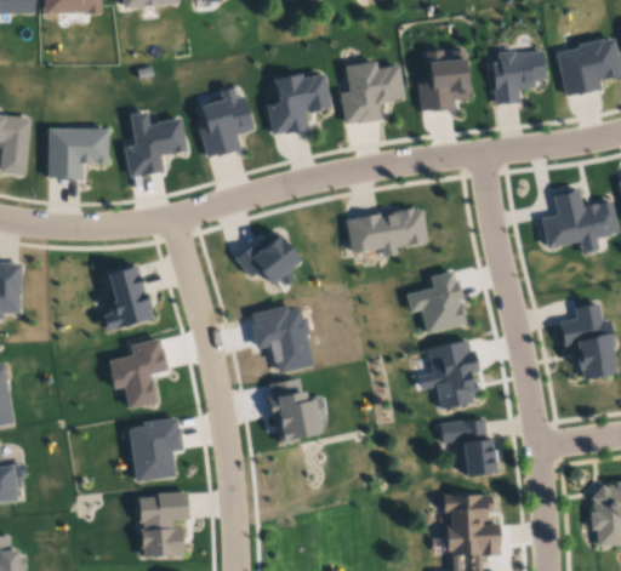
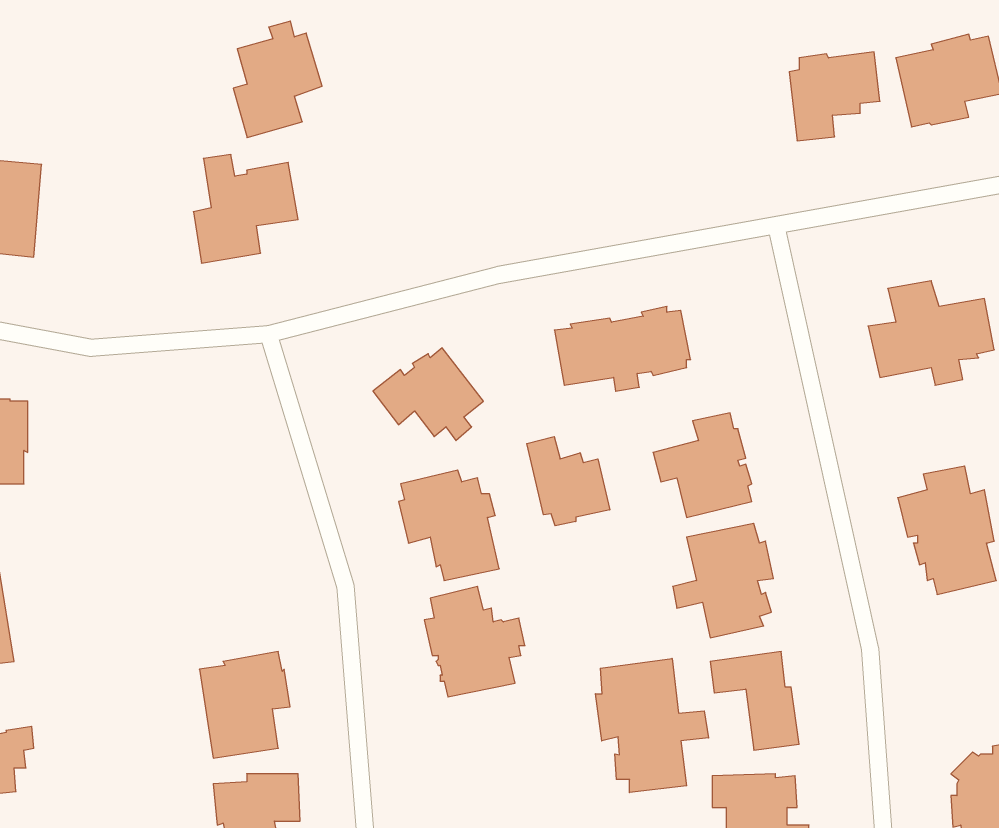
building: [418,47,472,113] -> none
building: [340,61,404,124] -> none
building: [268,73,332,135] -> none
building: [199,87,253,159] -> [233,21,322,138]
building: [46,127,108,181] -> none
building: [102,264,153,331] -> none
building: none -> [527,437,610,526]
building: [108,339,167,410] -> none
building: none -> [595,658,709,793]

